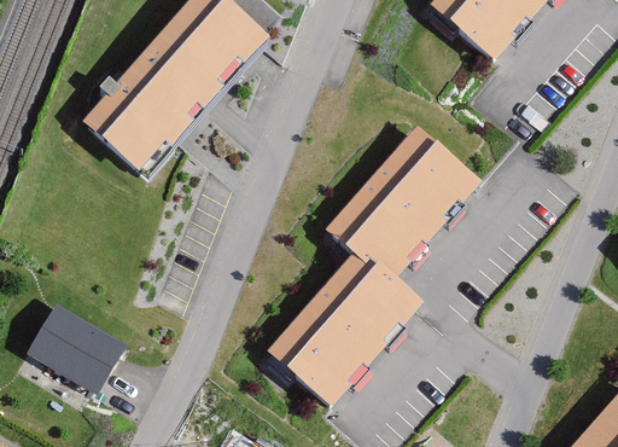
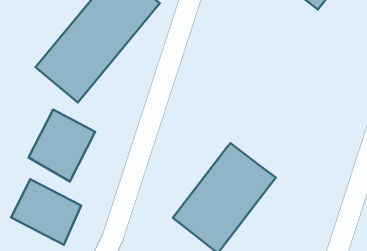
building: [325,128,486,289] -> none
building: none -> [29,109,95,181]

